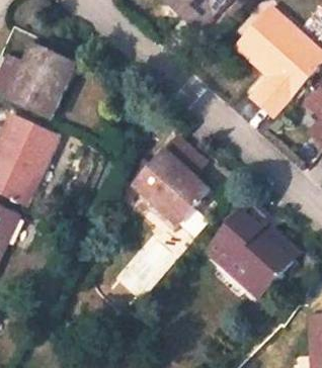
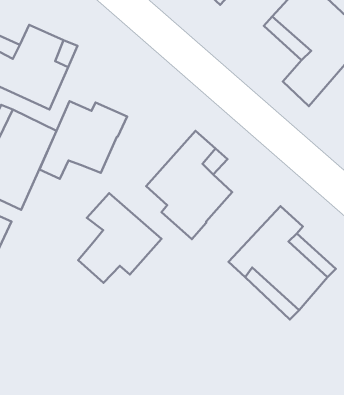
building: none -> [39,101,127,179]
building: none -> [78,193,162,283]

